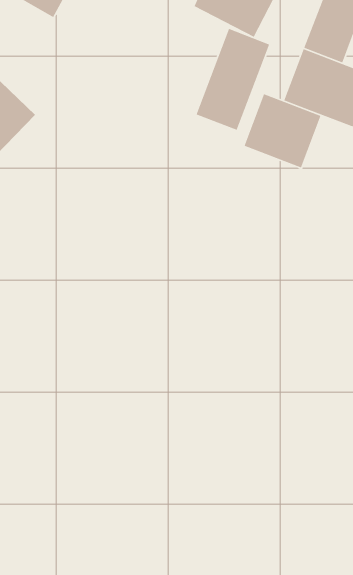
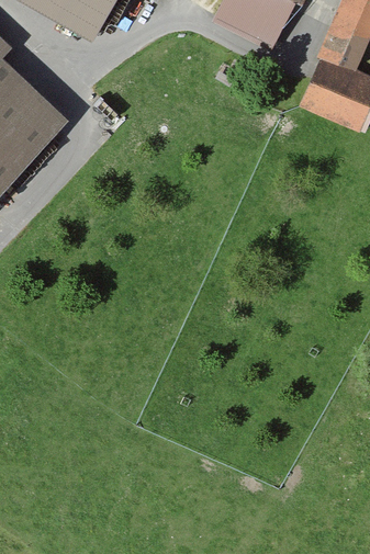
building: [195,28,270,131] -> none
building: [243,93,322,169] -> none

